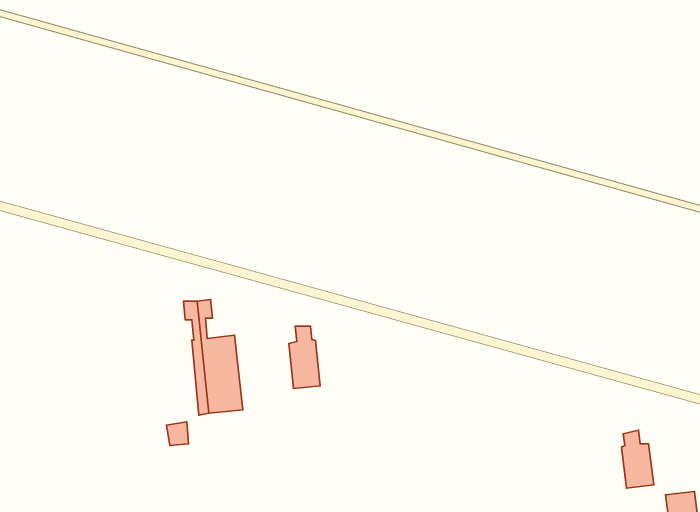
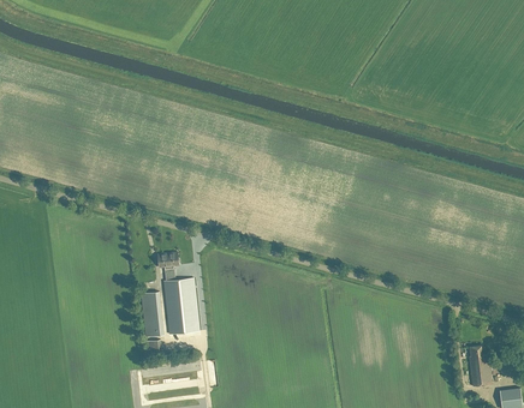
building: [289,326,320,389] -> none
building: none -> [141,293,163,337]

